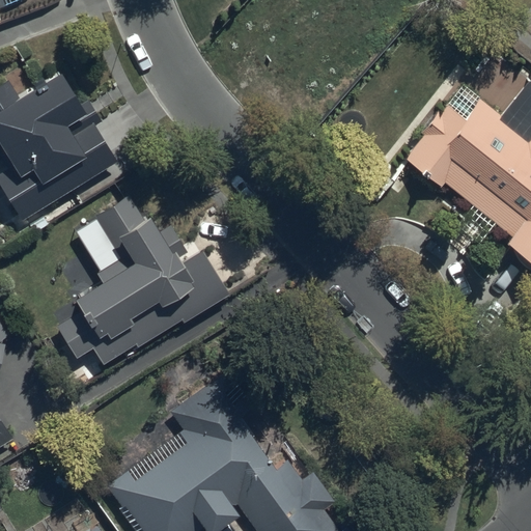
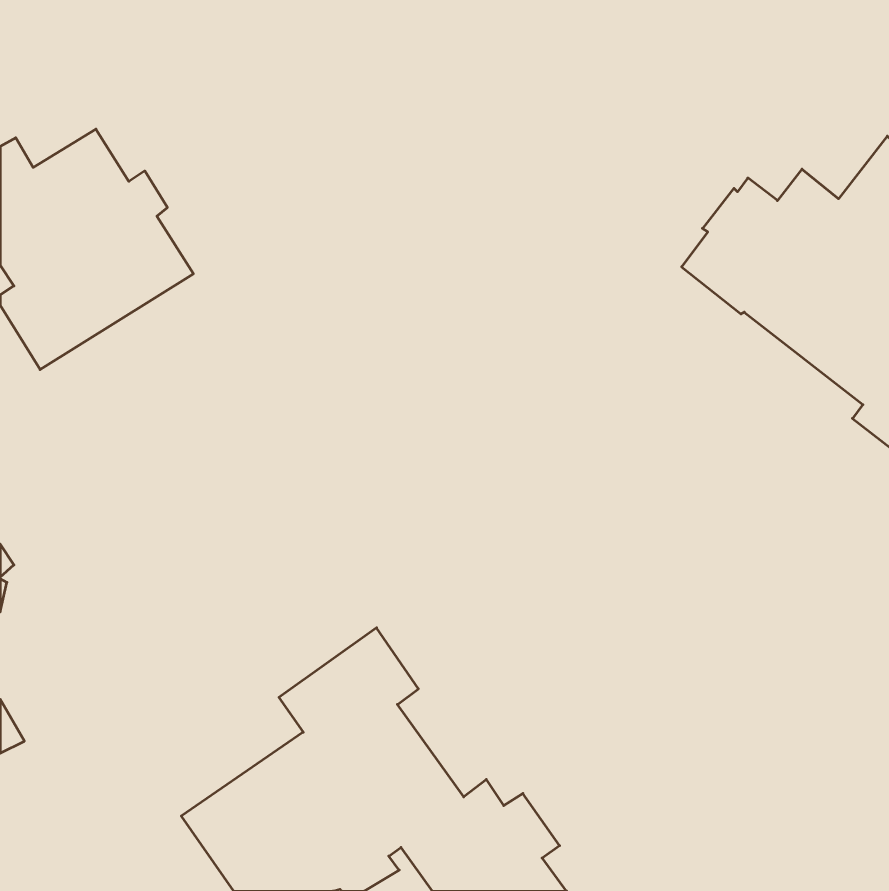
building: [57,197,228,366] -> none

